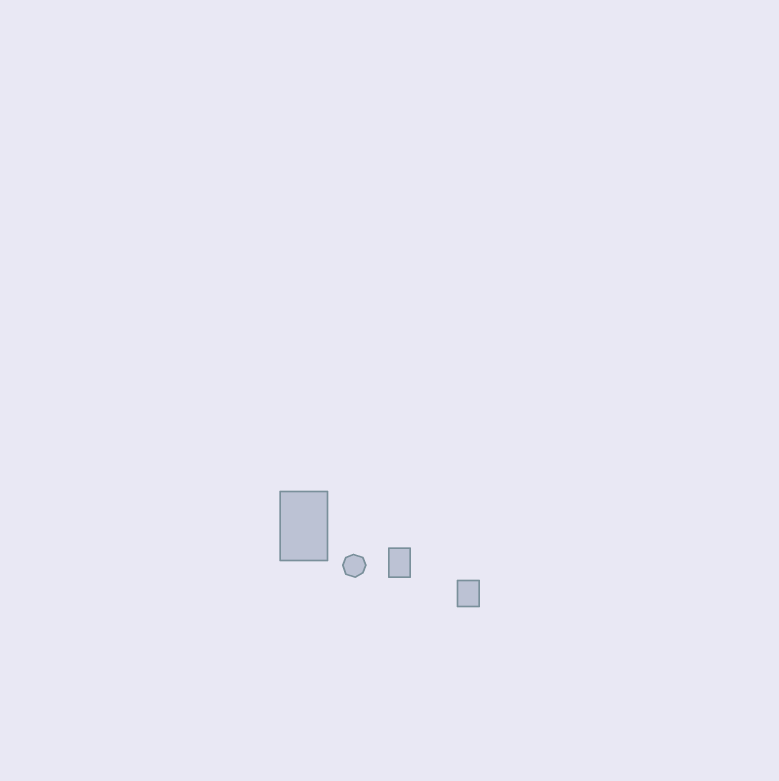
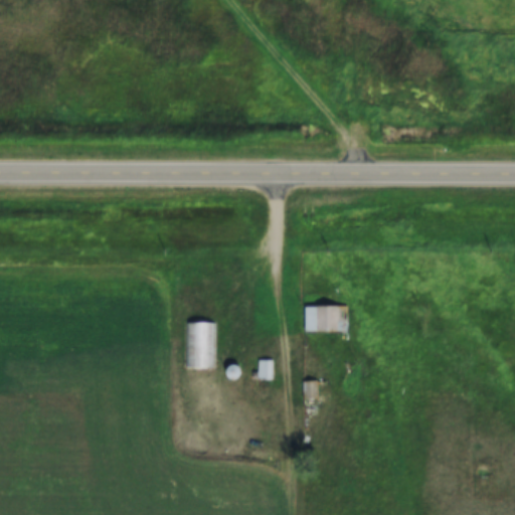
building: none -> [303,306,347,331]

